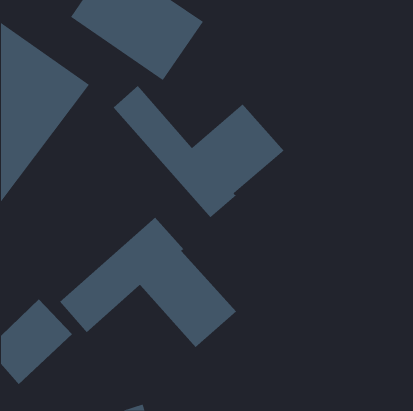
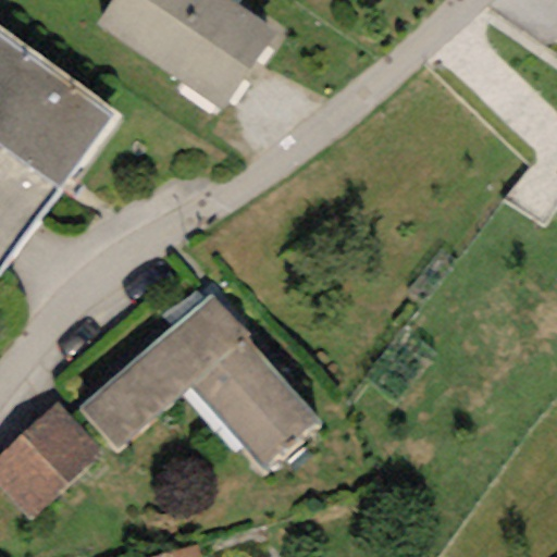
building: [113,85,284,218] -> none

